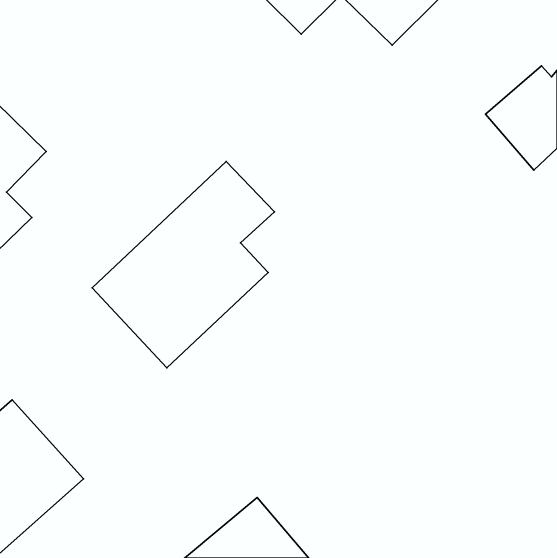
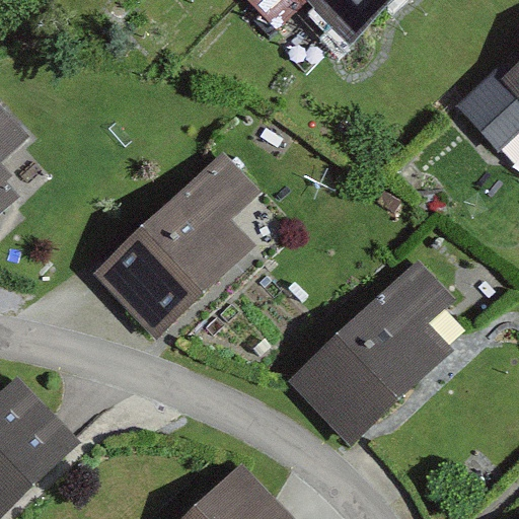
building: none -> [302,260,467,449]

